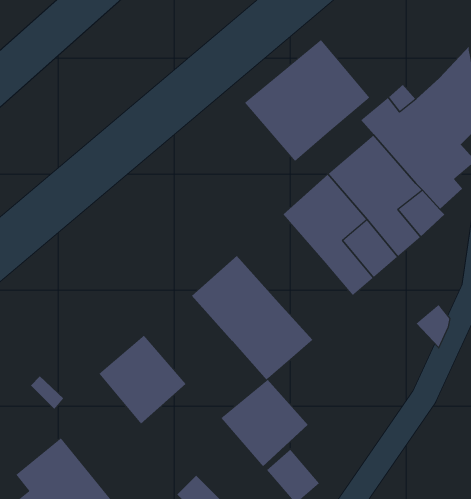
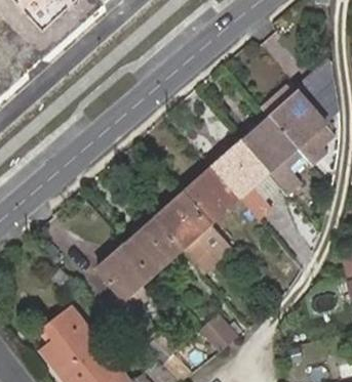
building: [244,39,370,162] -> none
building: none -> [183,167,238,222]
building: [221,379,308,467] -> [124,218,180,273]

